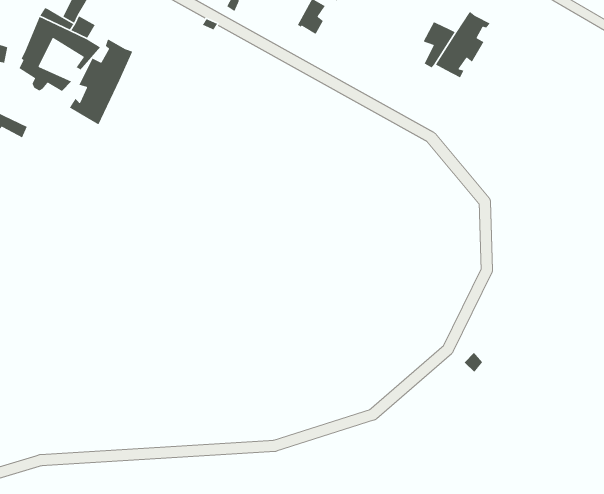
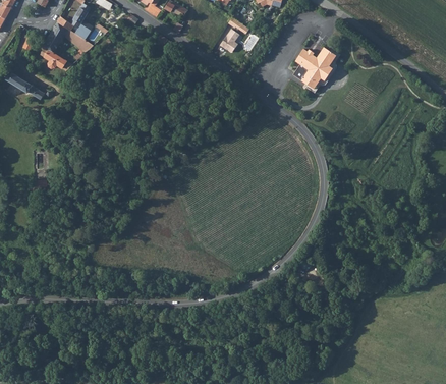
building: [69,38,133,125] -> none

